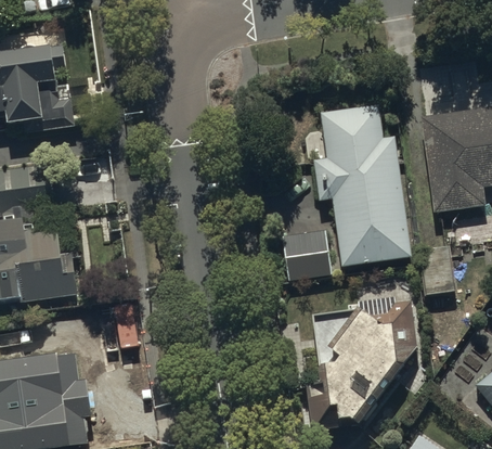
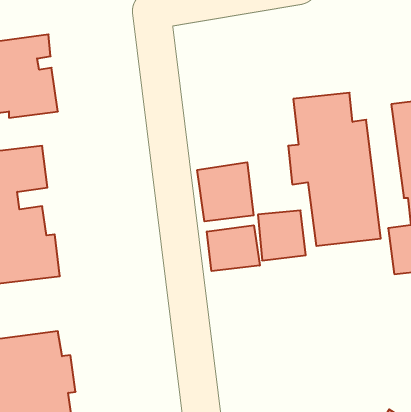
building: none -> [197,162,254,221]
building: none -> [207,225,260,271]
building: [306,290,416,431] -> none

